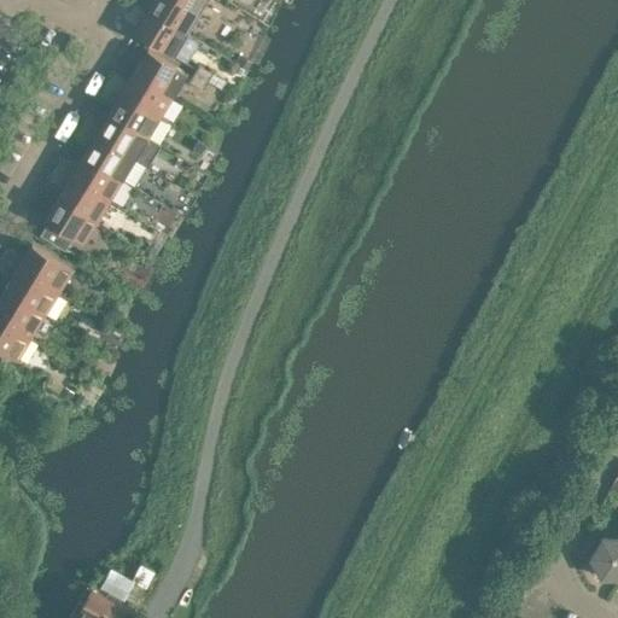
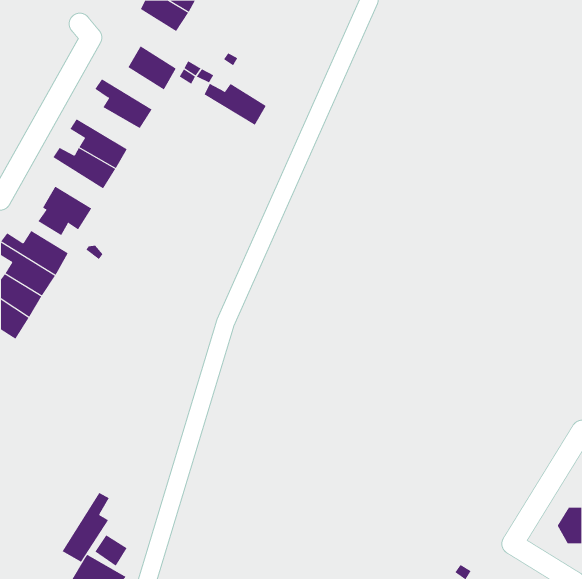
building: [135,13,187,59] -> none
building: [107,75,174,119] -> [204,83,267,125]
building: [81,117,148,162] -> none
building: [48,170,110,225] -> none
building: none -> [62,492,110,562]

